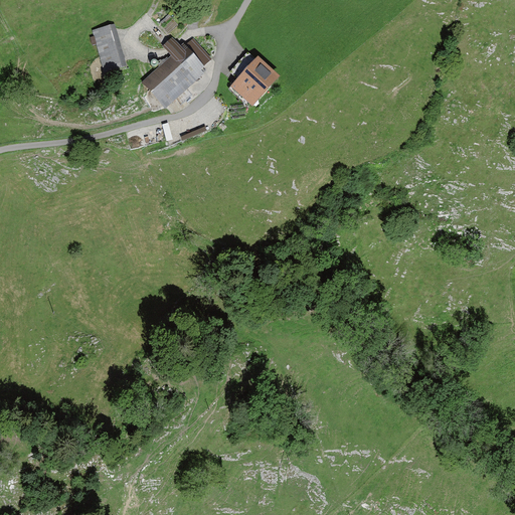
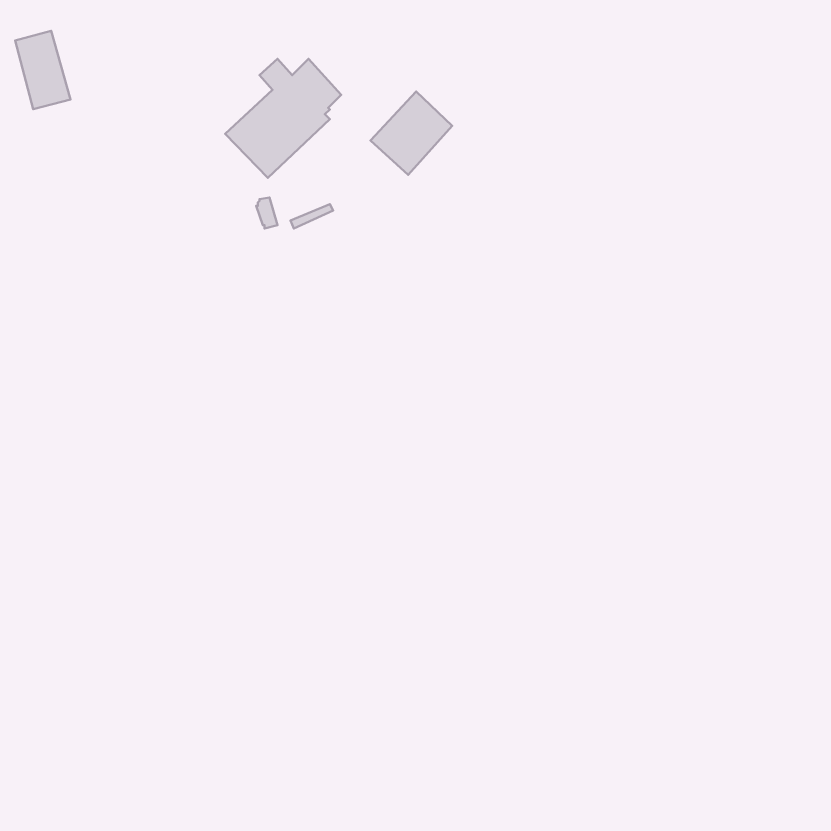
building: [91,23,125,71] -> [15,31,71,109]

